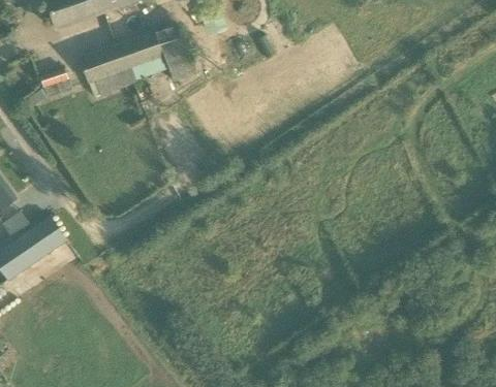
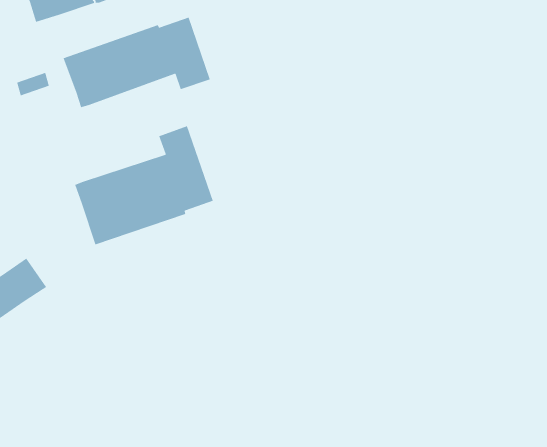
building: none -> [74,125,214,246]

